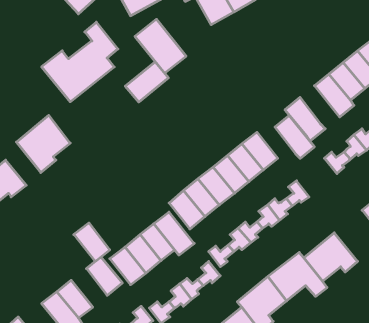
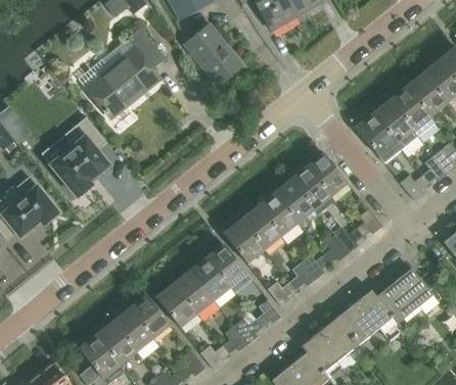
building: [125,62,168,102] -> none
building: [275,115,314,158] -> [372,100,417,149]
building: [74,223,110,261] -> [111,308,152,352]

